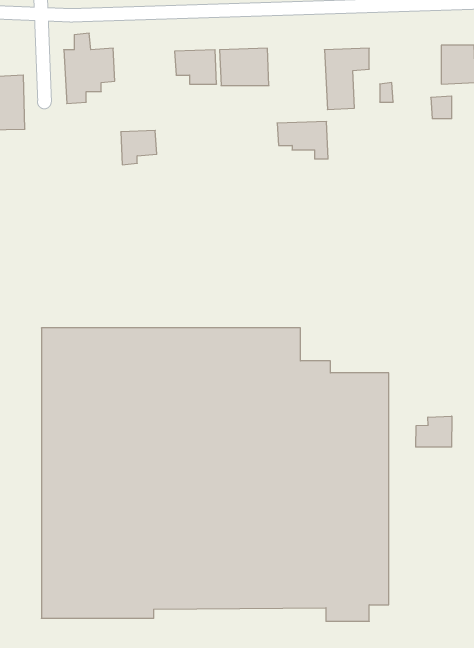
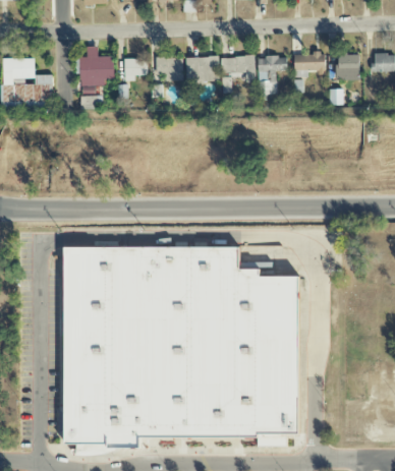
building: none -> [293,53,325,77]
building: [277,122,328,159] -> [220,56,255,81]
building: [121,130,157,165] -> [123,58,148,81]
building: [416,416,452,447] -> none

